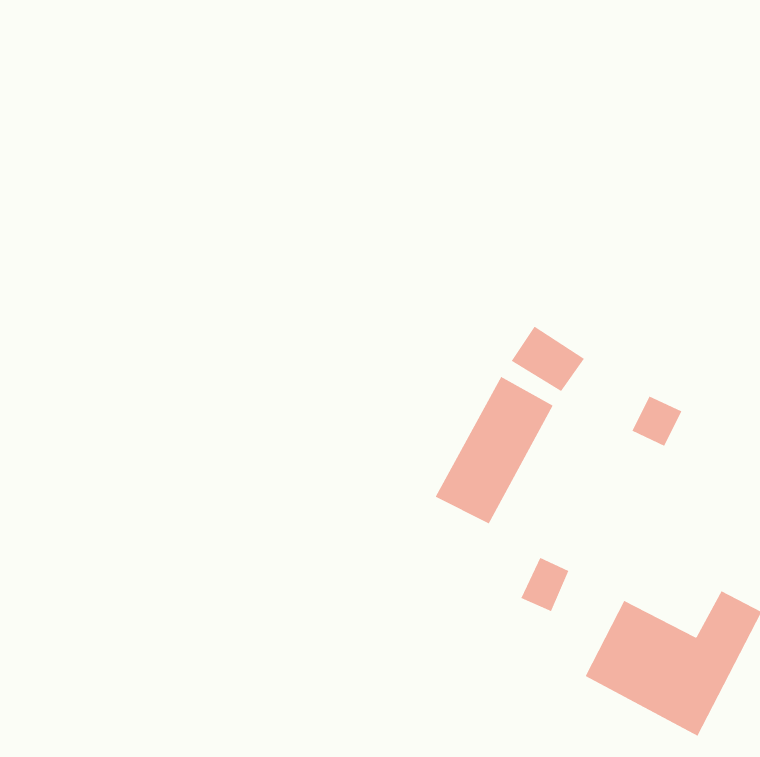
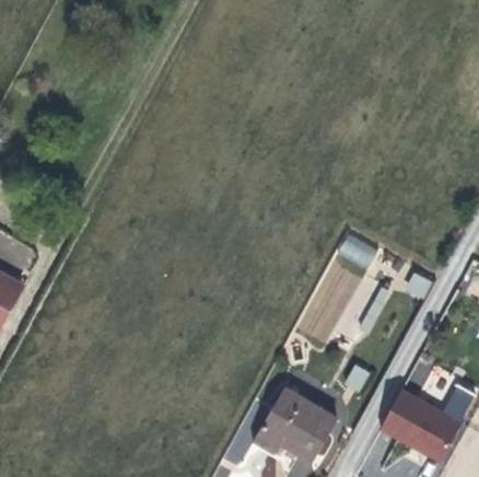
building: none -> [259,388,332,457]

